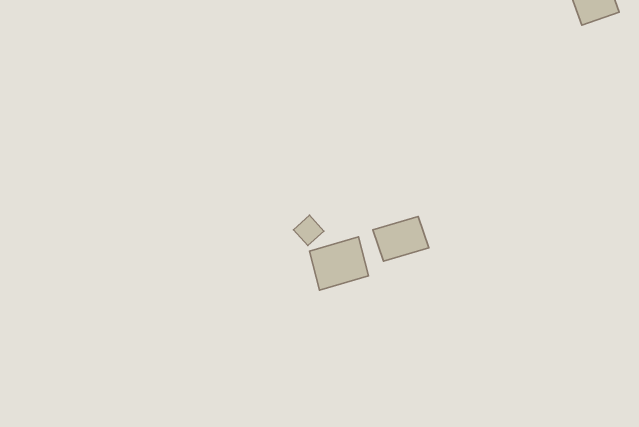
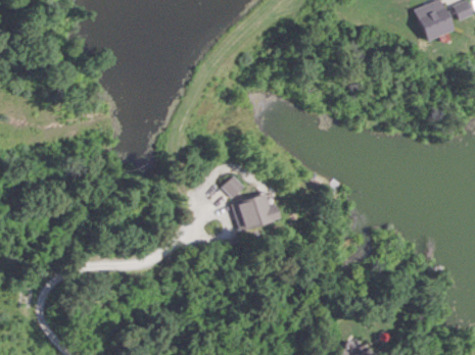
building: [373,216,429,261] -> none

